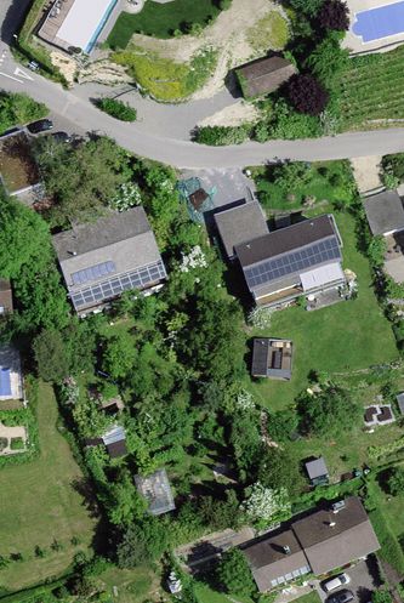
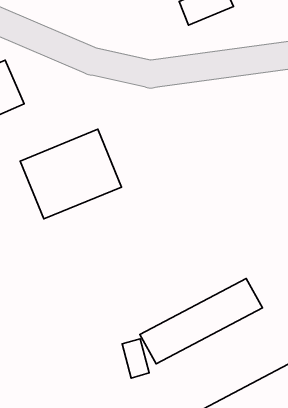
building: [214,200,338,308] -> none
building: none -> [140,278,263,364]

